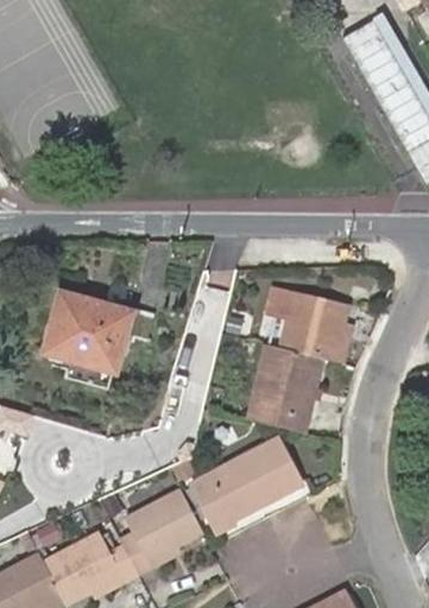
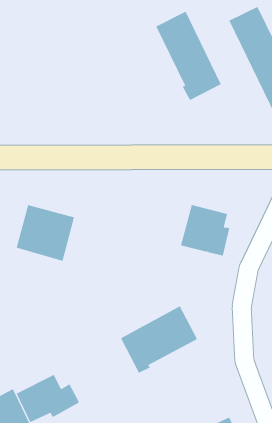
building: none -> [155,11,222,101]
building: [245,344,316,431] -> none
building: [121,487,203,572] -> none

